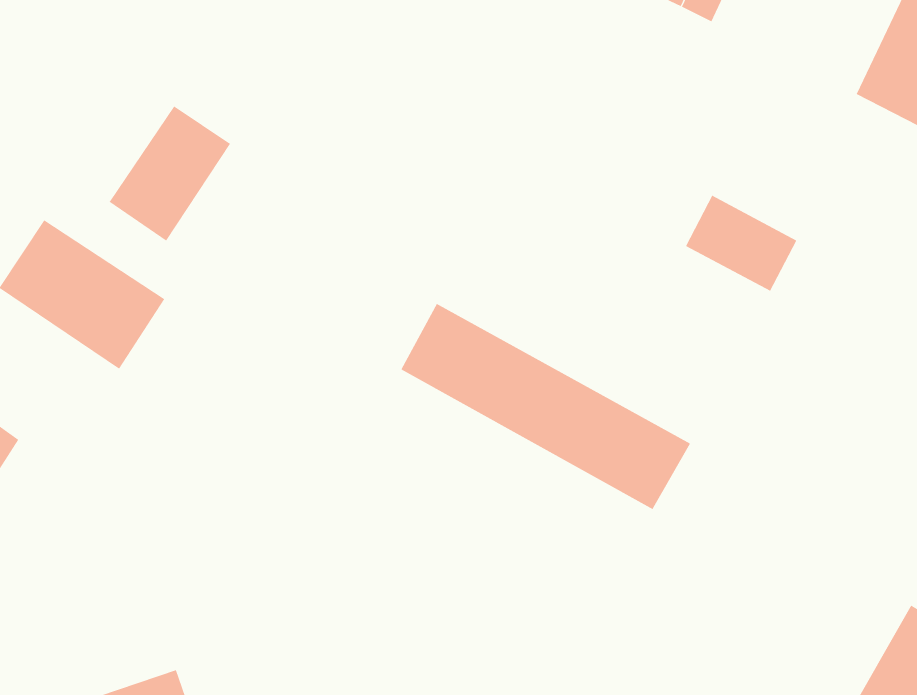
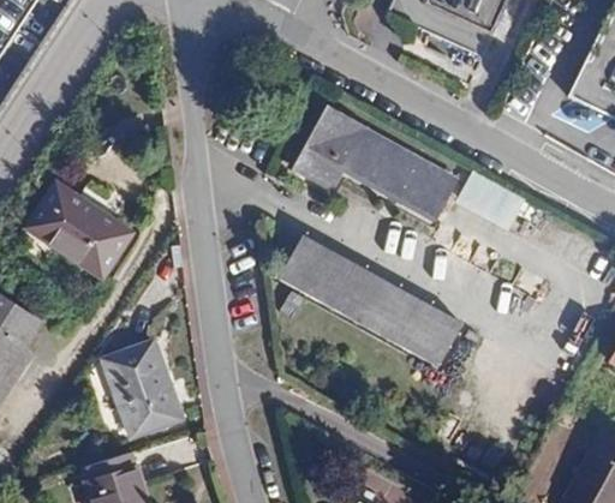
building: none -> [293,108,455,218]
building: [109,106,231,242] -> none
building: none -> [102,340,181,436]

